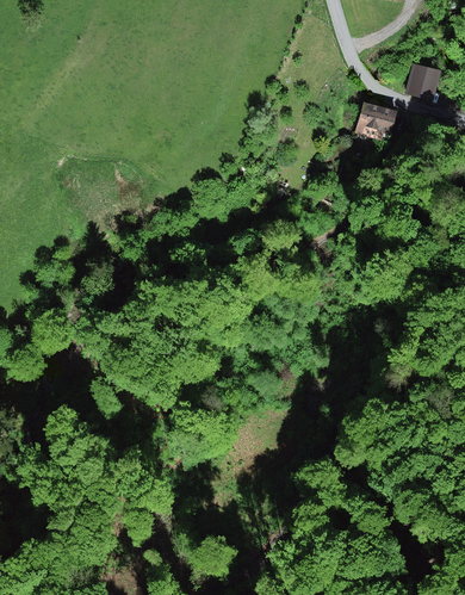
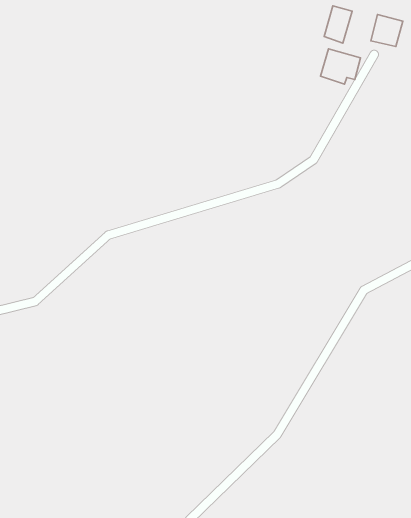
building: none -> [324,6,352,43]

